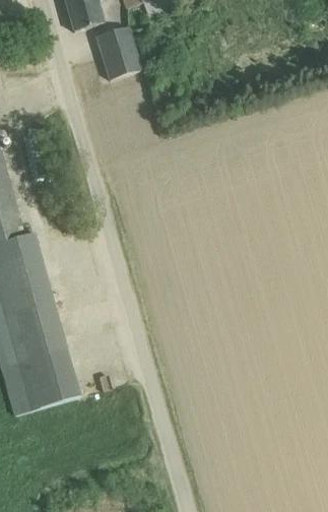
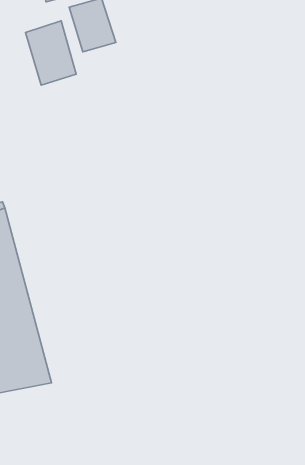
building: none -> [25,21,76,85]

